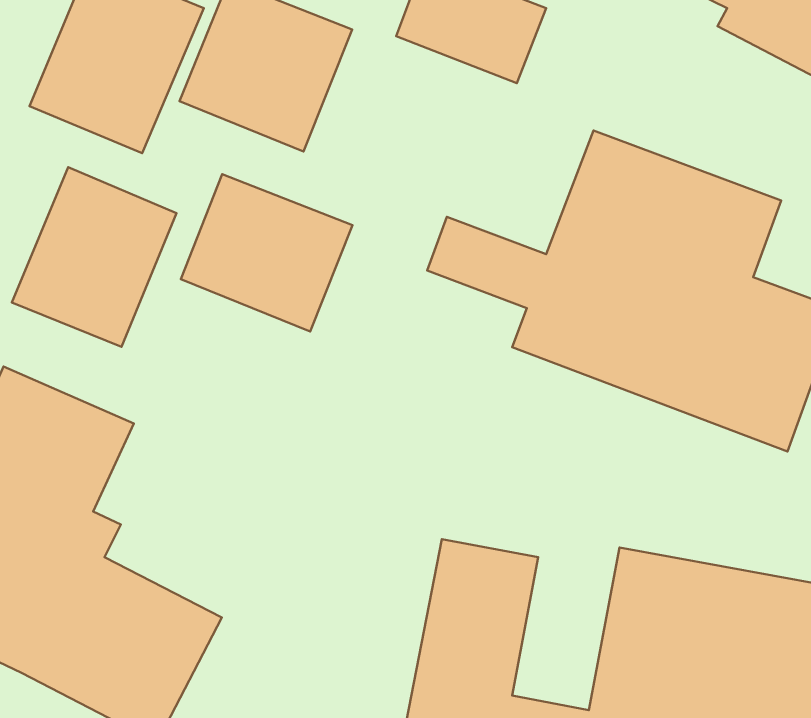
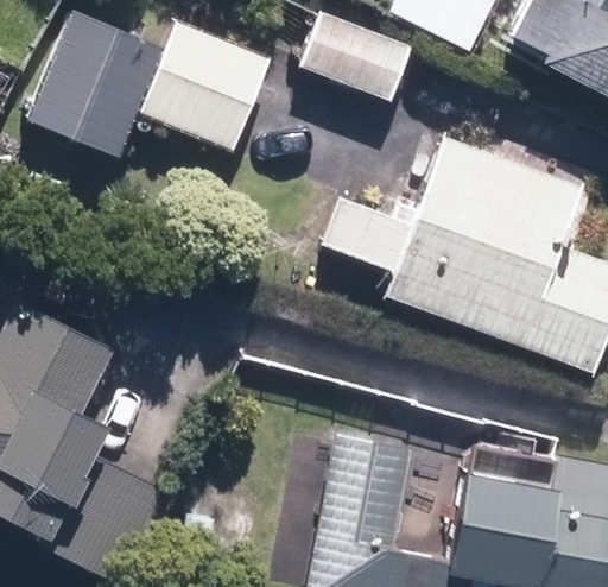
building: [12,167,177,347] -> none
building: [181,174,353,331] -> none

